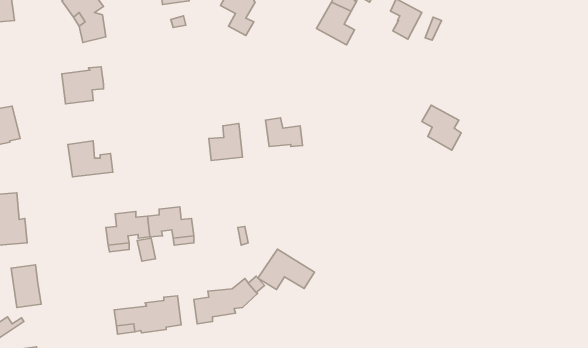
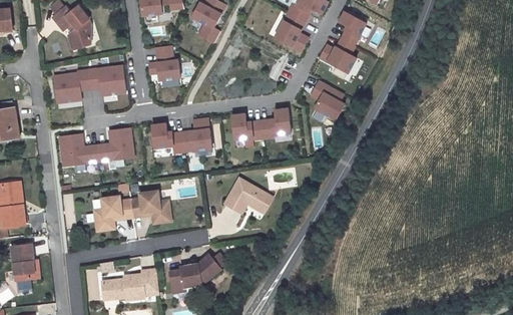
building: none -> [320,39,356,72]
building: none -> [147,45,180,81]
building: none -> [88,66,125,94]
building: [422,105,461,150] -> [311,81,345,120]
building: none -> [261,109,291,138]
building: none -> [151,123,183,153]
building: none -> [96,128,133,162]
building: [258,249,315,290] -> [220,184,270,219]

